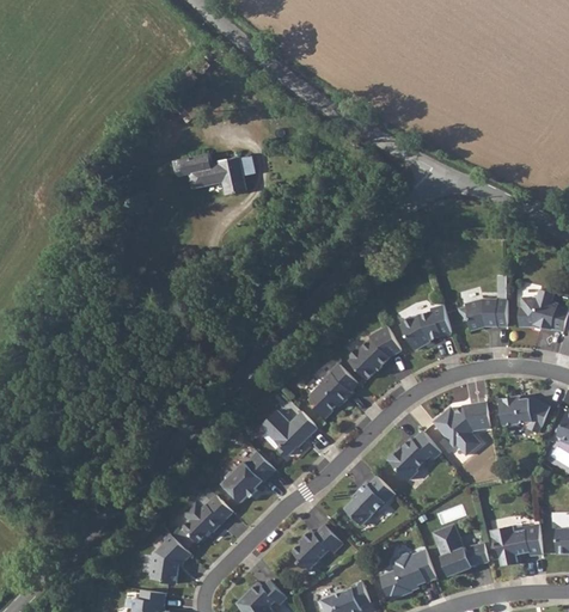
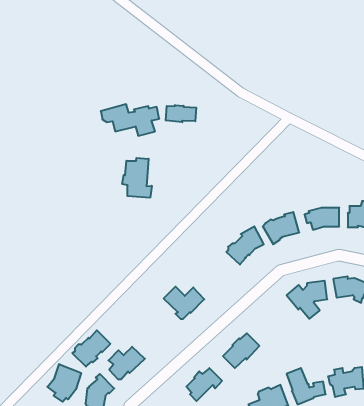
building: none -> [166,105,196,122]
building: none -> [122,158,152,198]
building: [308,363,357,418] -> none
building: [385,430,435,479] -> none
building: [221,451,275,502] -> [72,330,110,367]
building: none -> [47,364,81,402]

